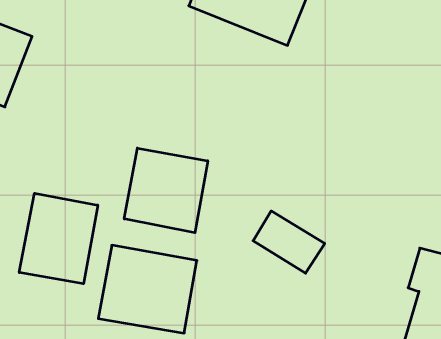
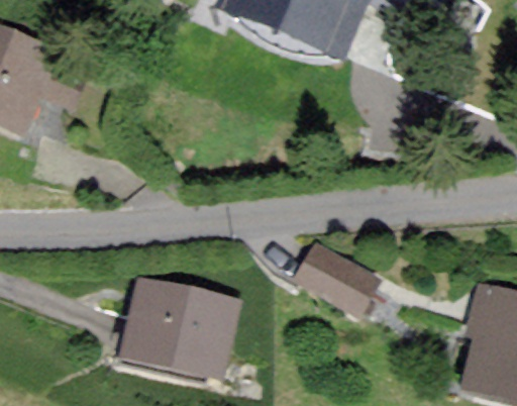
building: [124,148,208,233] -> none
building: [19,193,98,284] -> none

